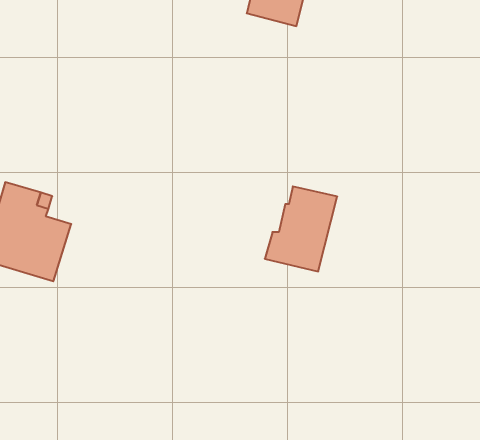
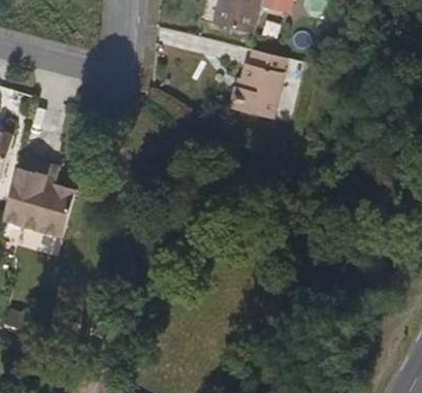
building: [265,186,337,271] -> [230,50,289,119]

